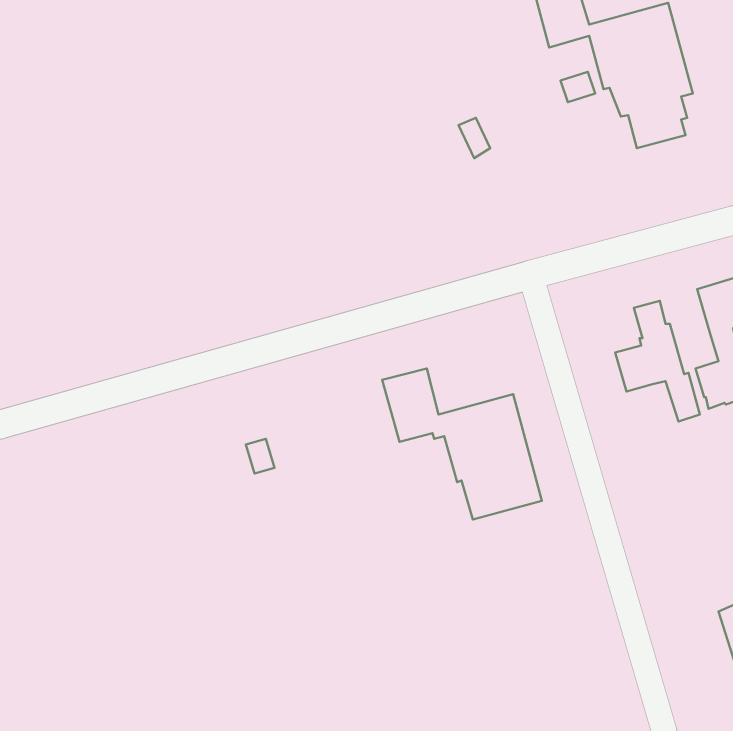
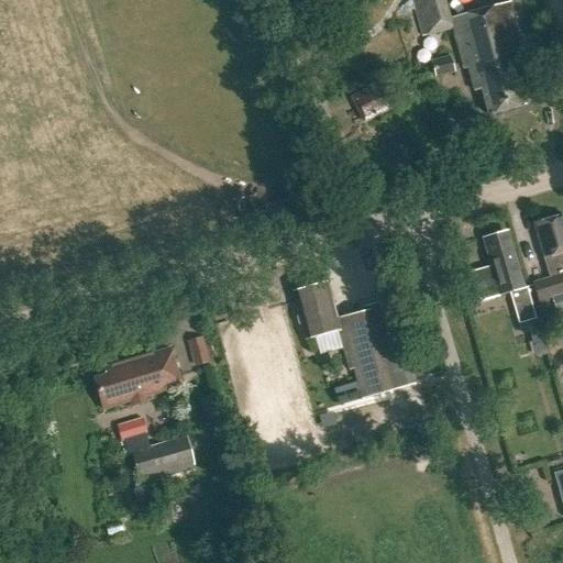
building: none -> [96,347,183,406]
building: none -> [118,412,197,477]

